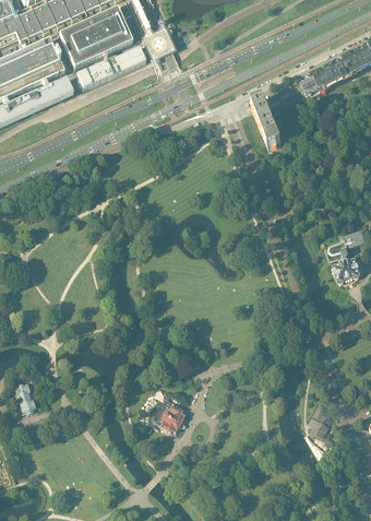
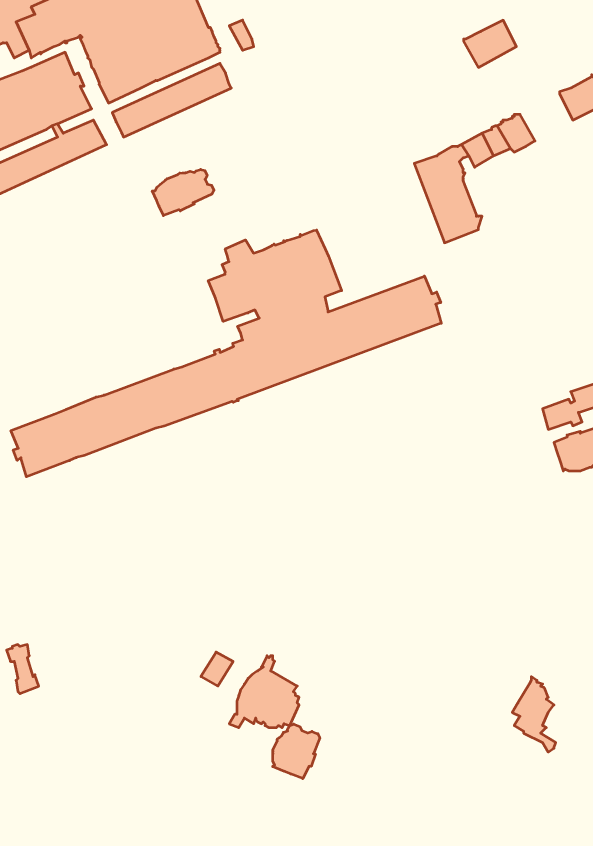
building: [312,62,343,90] -> [464,20,516,67]
building: none -> [152,169,214,216]
building: none -> [11,230,441,477]
building: none -> [273,724,320,779]

